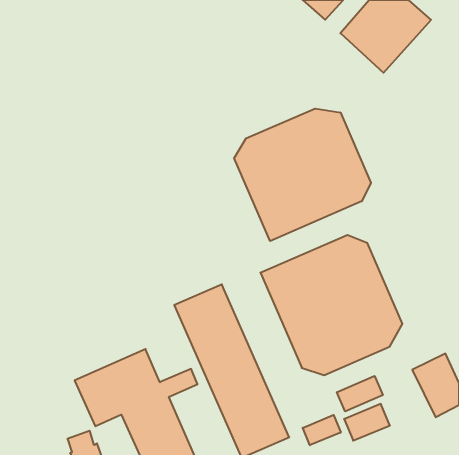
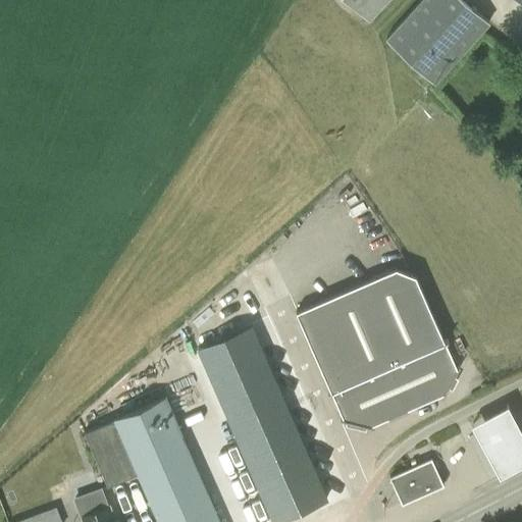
building: [234,109,371,241] -> none
building: [337,376,383,411] -> none
building: [303,415,341,445] -> none

